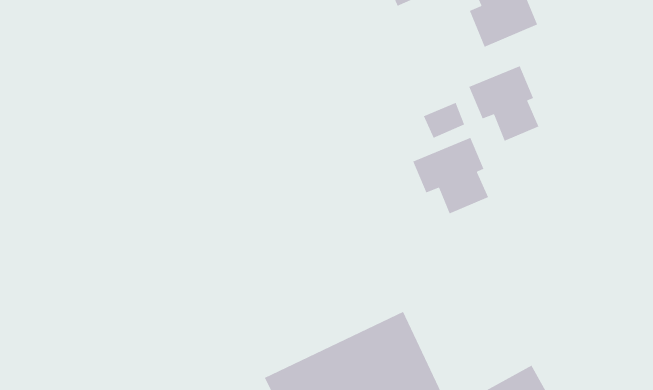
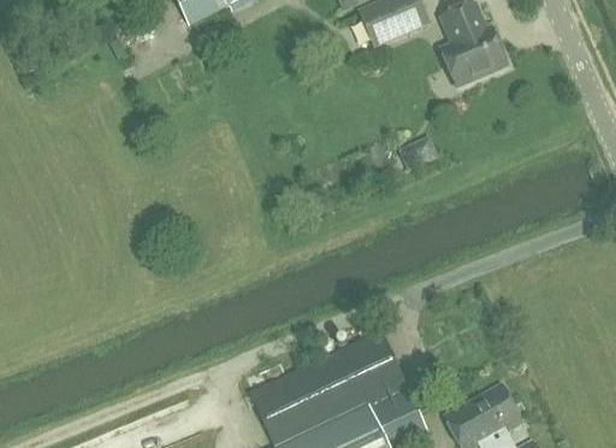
building: [468,65,540,142] -> none
building: [412,137,489,215] -> none

